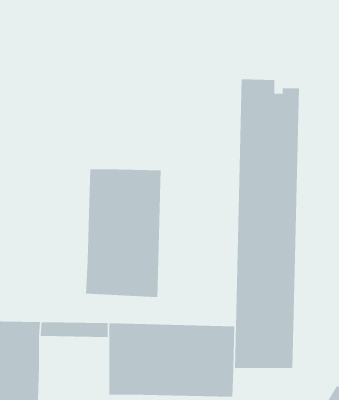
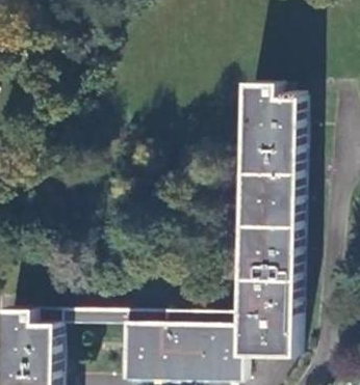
building: [85,168,161,298] -> none

